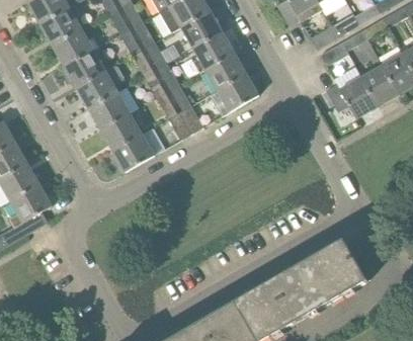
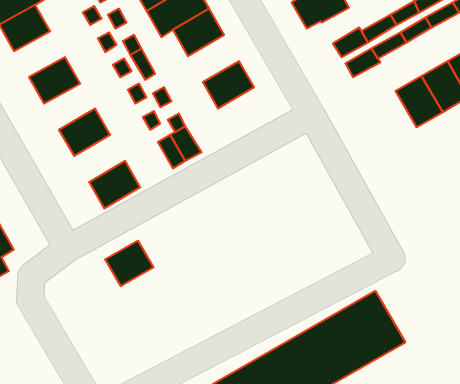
building: [51,26,92,64] -> none
building: [191,29,233,68] -> none
building: [75,63,123,106] -> none
building: [209,72,257,114] -> none
building: [324,75,377,116] -> none
building: [99,110,141,149] -> none
building: none -> [105,241,154,286]

